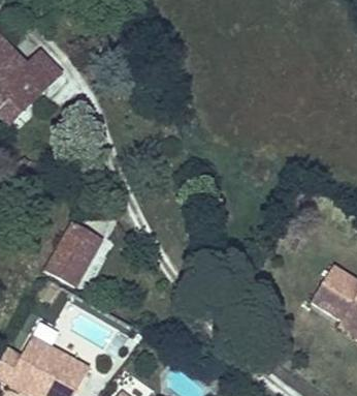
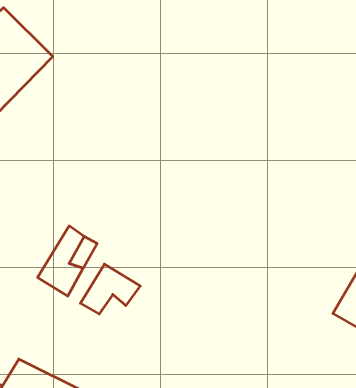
building: none -> [80,264,140,314]

